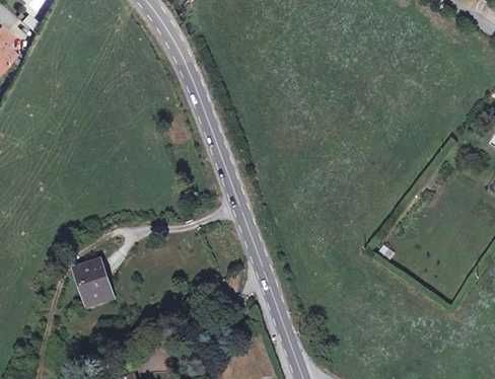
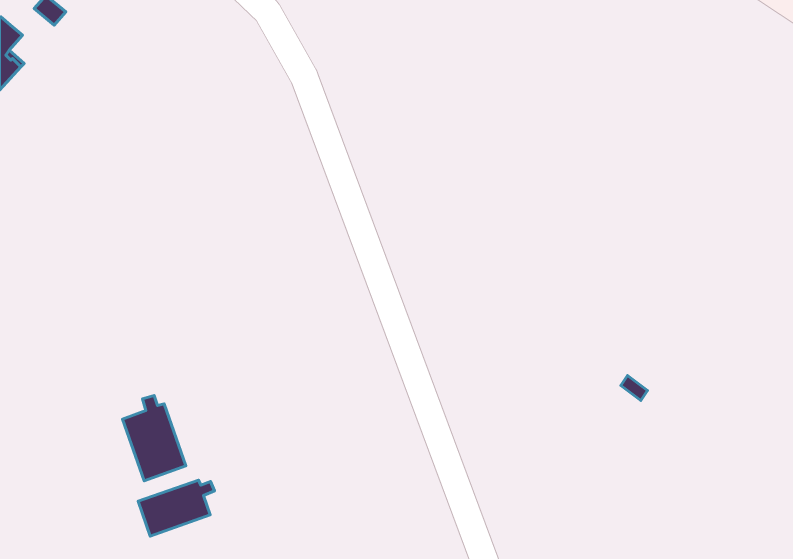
building: none -> [138,480,215,536]

